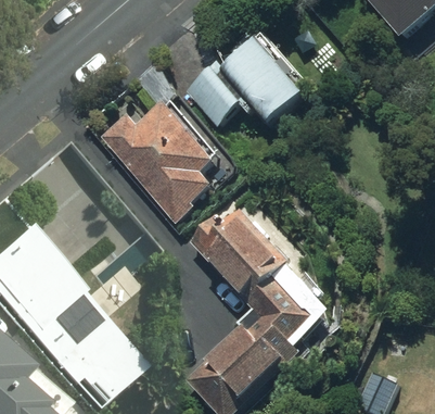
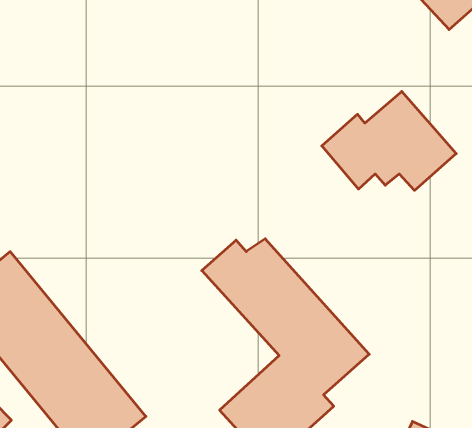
building: [187,39,302,124] -> [322,91,456,190]
building: [100,97,217,219] -> none

